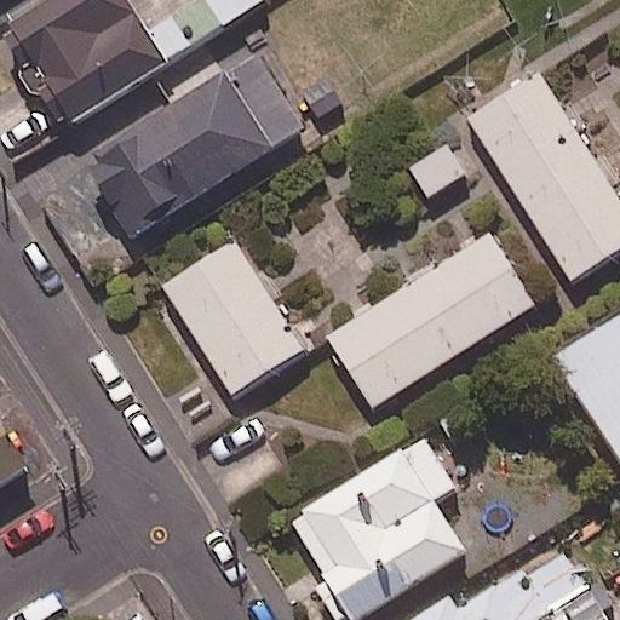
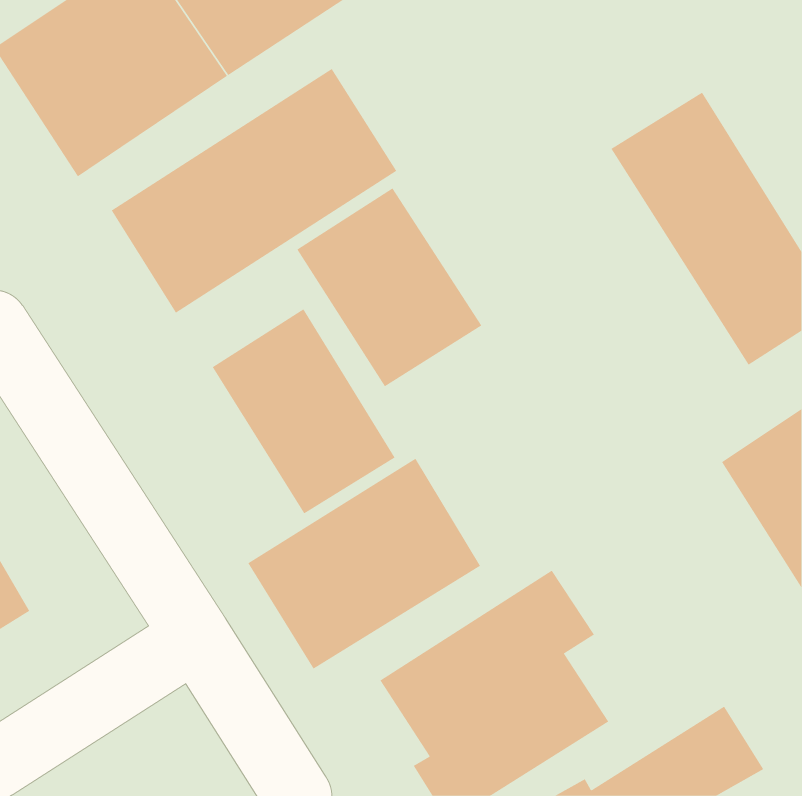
building: none -> [296,187,482,387]
building: [326,230,533,407] -> none
building: none -> [248,458,481,669]

